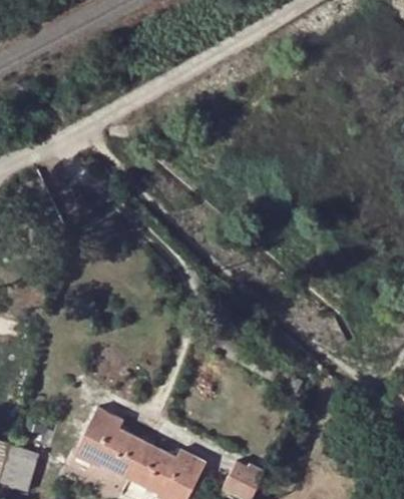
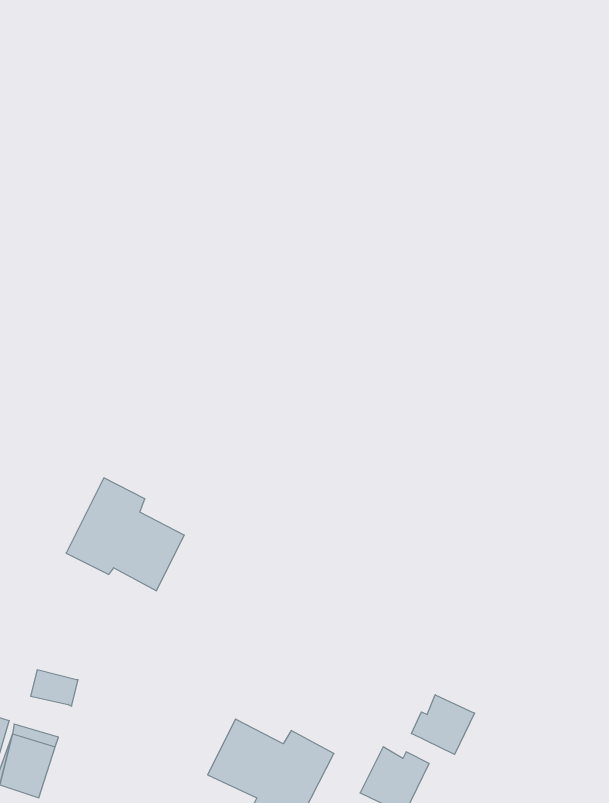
building: [74,409,146,478] -> [66,478,184,591]
building: none -> [411,695,475,754]

